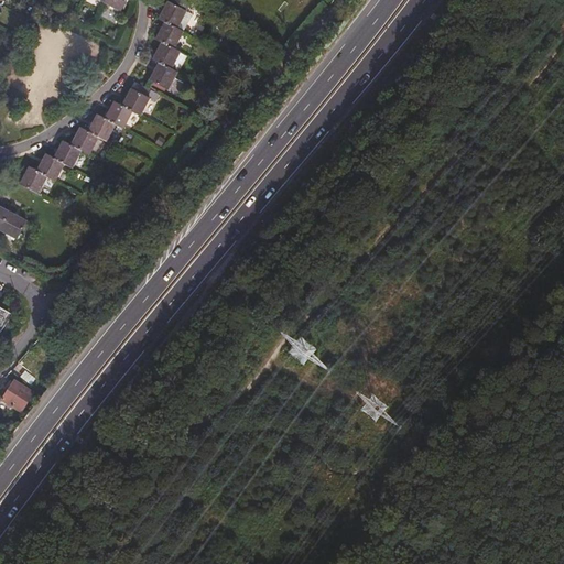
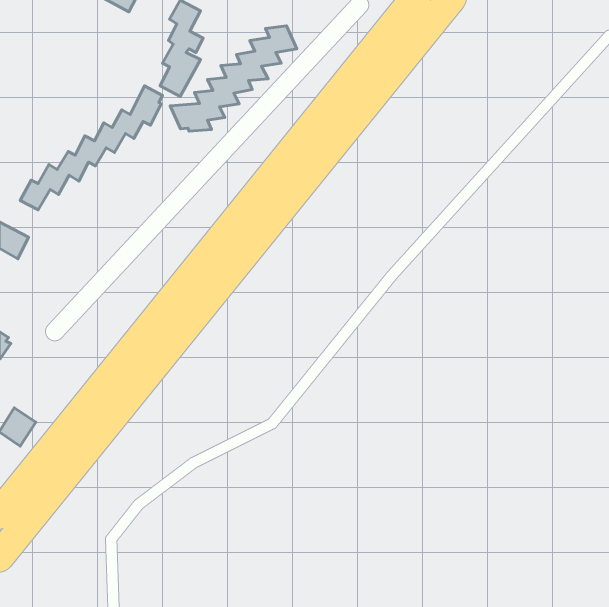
building: none -> [170,26,297,131]

